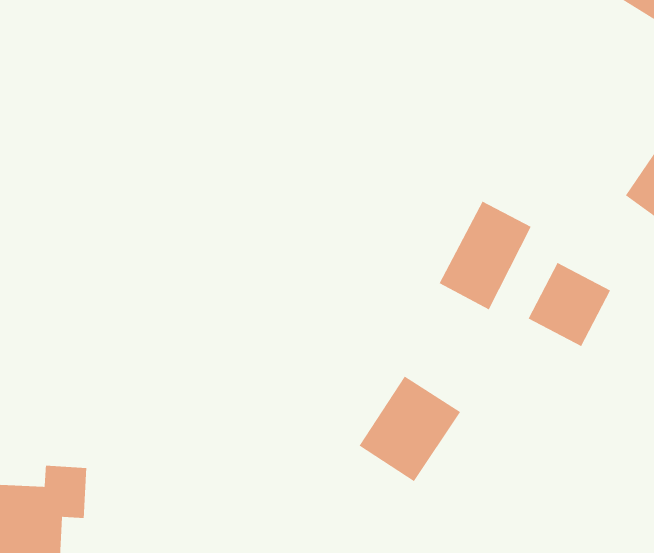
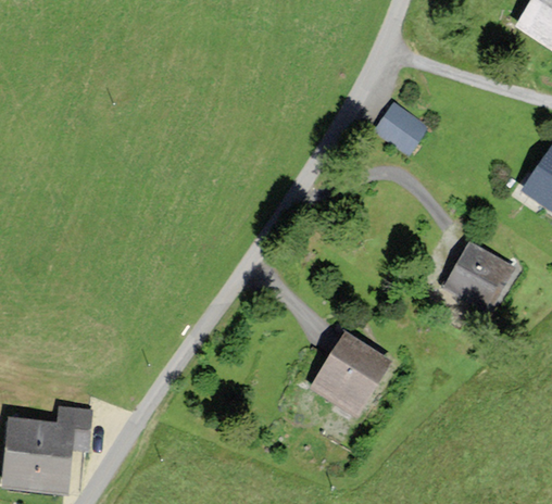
building: none -> [375,101,427,151]
building: [439,201,532,311] -> none

